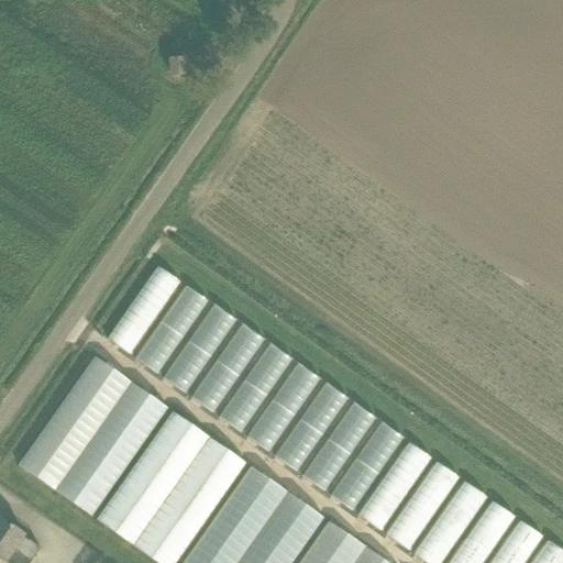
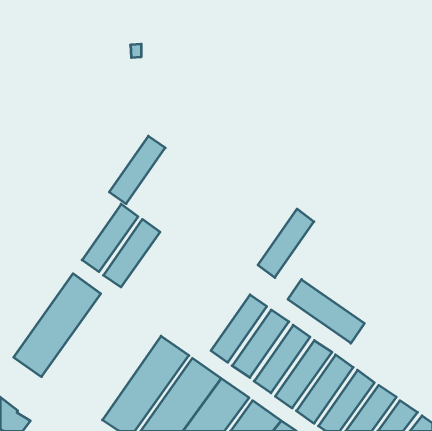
building: [164,305,236,393] -> [109,136,165,204]
building: [191,324,264,412] -> none
building: [219,343,292,432] -> none
building: [247,363,320,452] -> [258,209,314,278]
building: none -> [288,279,364,343]
building: [55,382,168,516] -> none
building: [97,410,210,545] -> none

